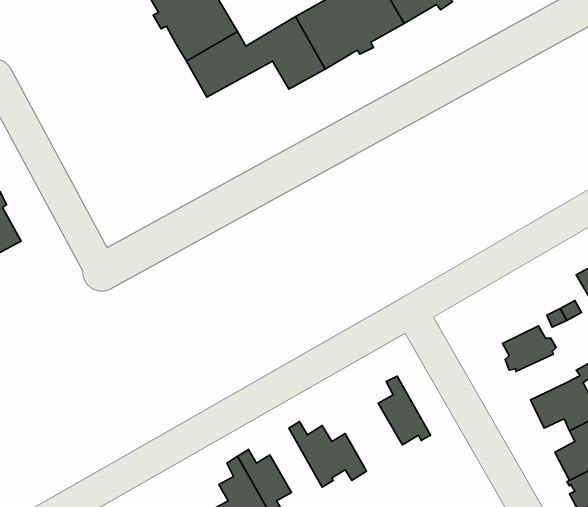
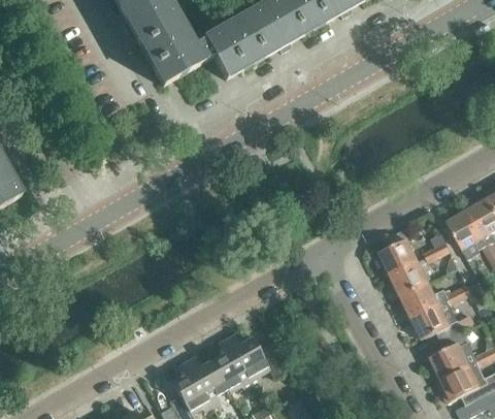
building: none -> [377,238,418,273]
building: none -> [400,282,450,317]
building: [378,376,431,445] -> [211,339,252,391]

